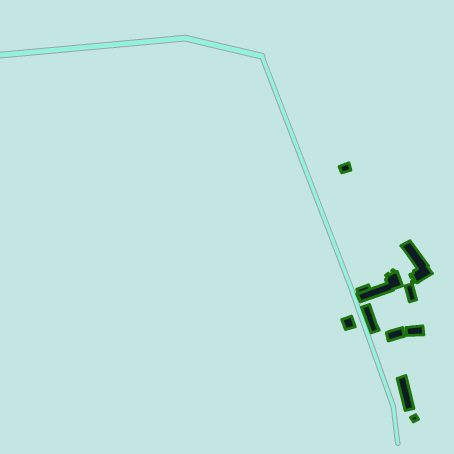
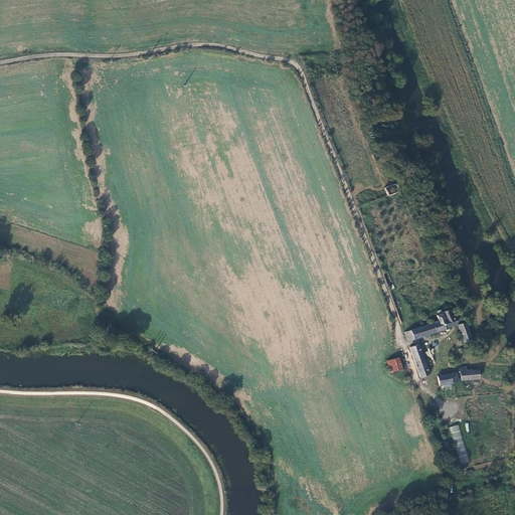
building: [401,241,432,283] -> none

